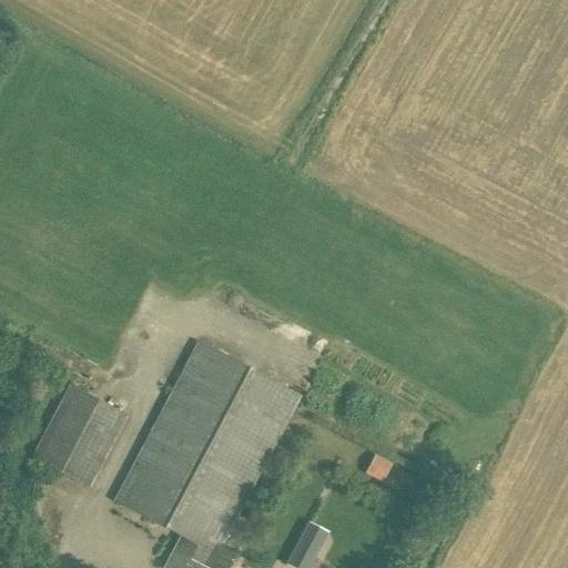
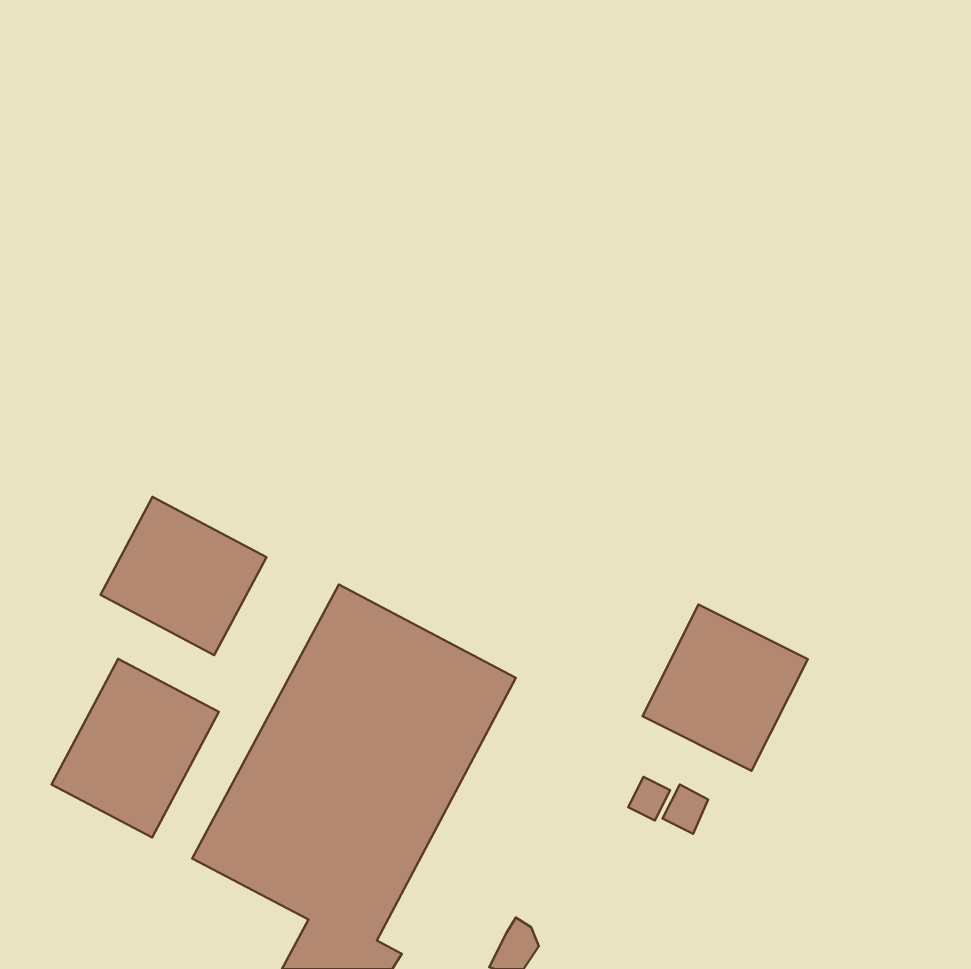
building: none -> [100,497,266,655]
building: none -> [642,604,808,771]

